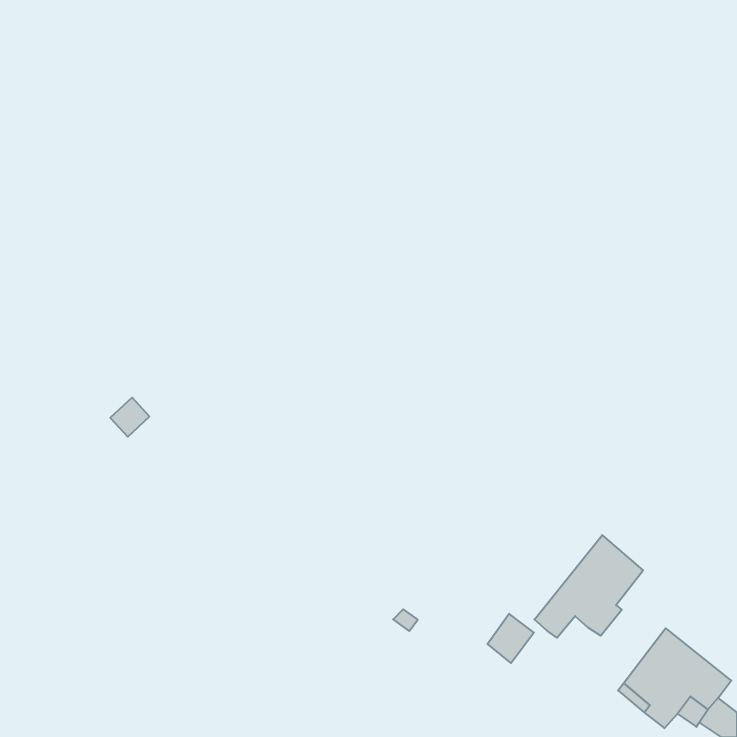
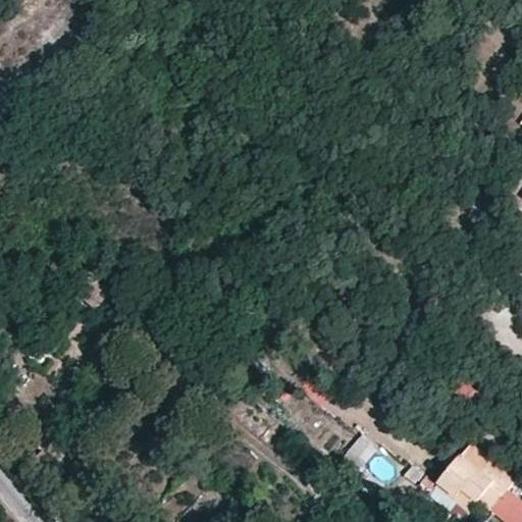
building: [534,535,643,638] -> none

